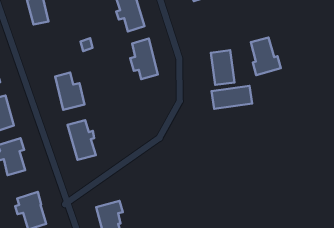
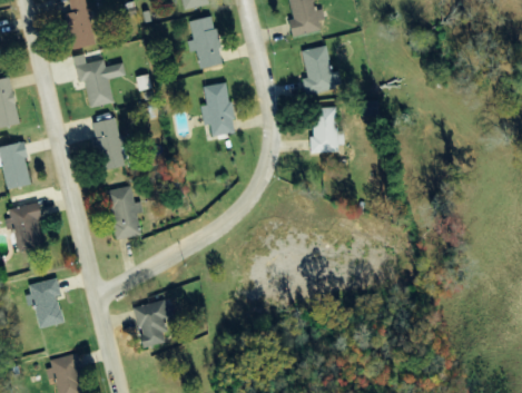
building: none -> [72,55,125,108]
building: [251,37,281,75] -> [302,46,339,96]
building: [212,86,252,109] -> none

